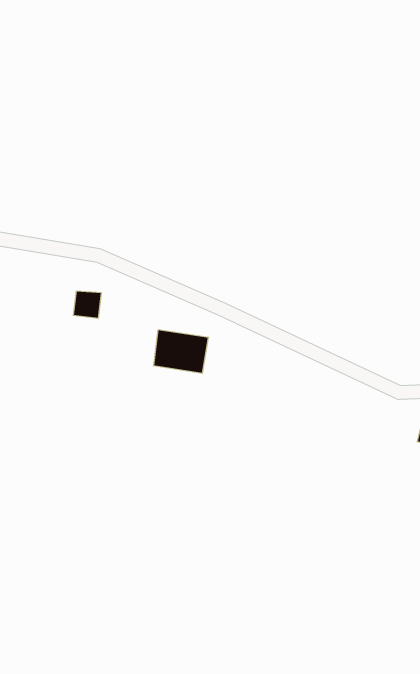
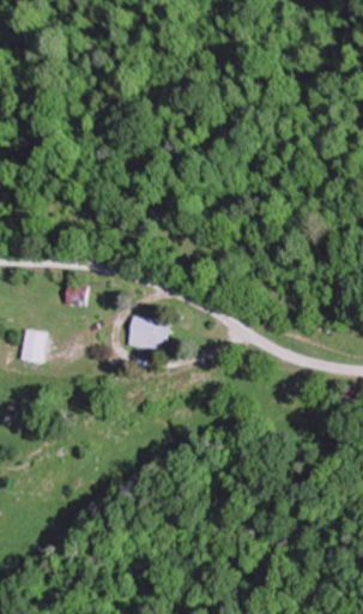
building: none -> [22,330,47,363]

